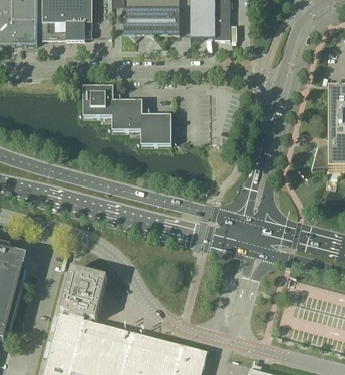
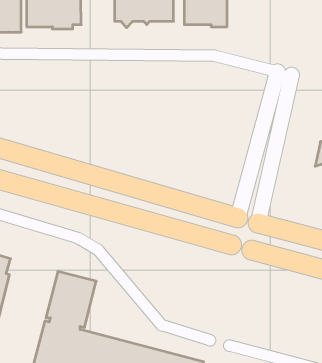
building: [84,85,171,143] -> none

